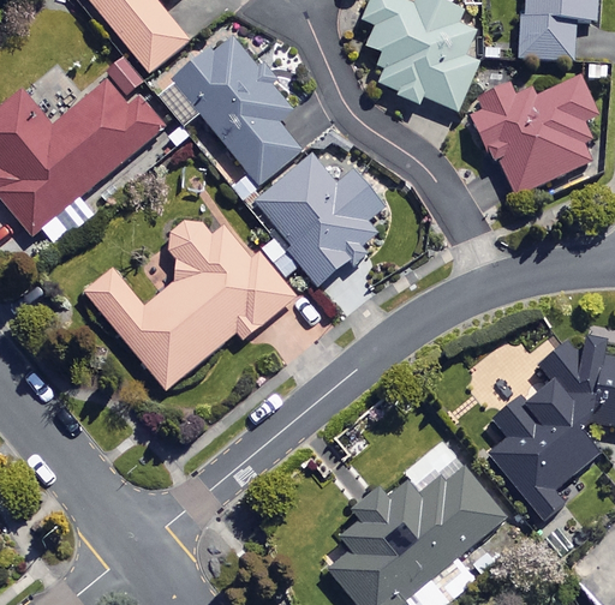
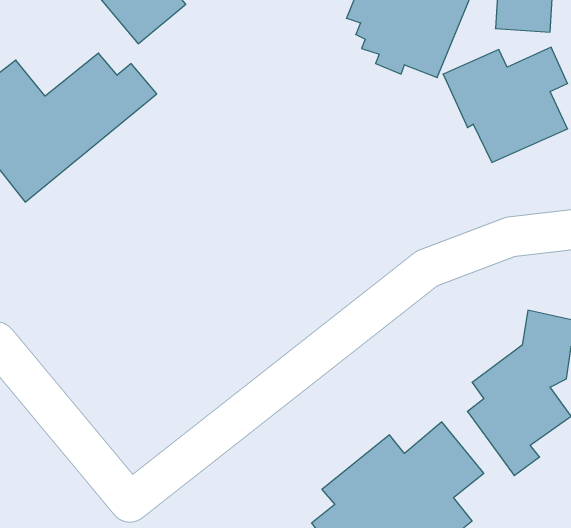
building: [160,32,299,184] -> none
building: [255,155,383,281] -> none
building: [85,215,293,389] -> none

